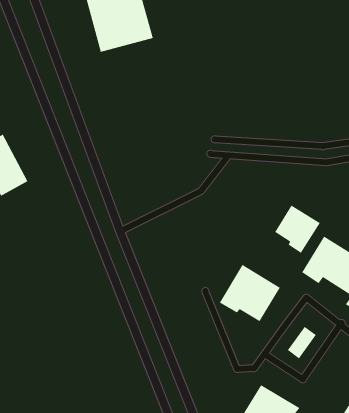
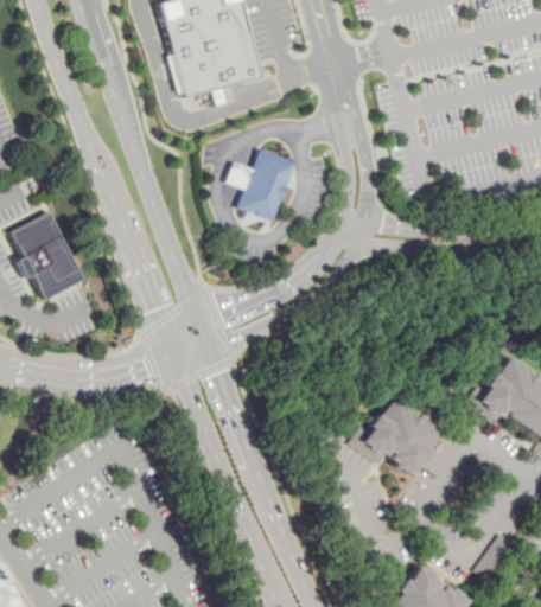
building: none -> [228,148,295,221]
building: [274,204,321,254] -> none
building: [287,326,317,359] -> [477,533,520,581]

